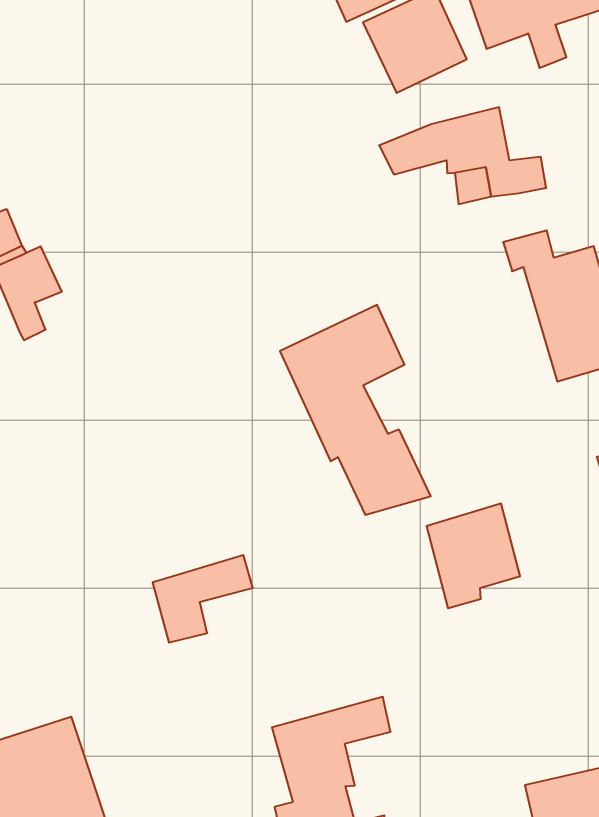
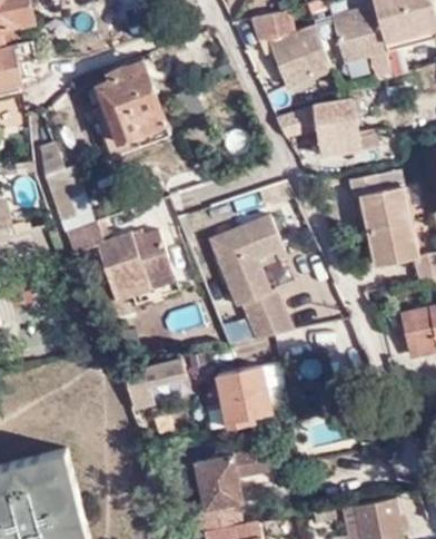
building: none -> [97,56,166,143]
building: none -> [60,223,169,302]
building: [427,503,520,608] -> [216,367,270,429]

